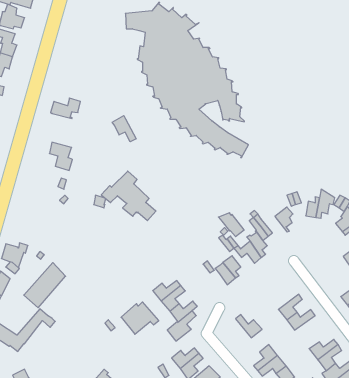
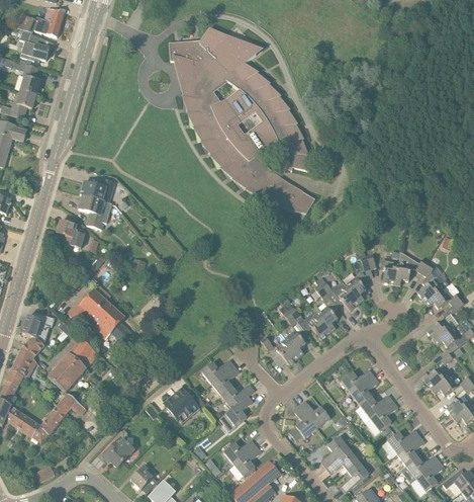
building: [51,98,80,119] -> [80,177,115,201]
building: [112,116,136,142] -> none
building: none -> [57,220,84,247]
building: [101,171,156,221] -> [68,284,132,343]
building: [218,213,244,237] -> [329,281,360,310]
building: none -> [341,369,374,394]
building: none -> [369,401,397,431]
building: none -> [289,405,317,440]
building: none -> [106,428,133,467]

